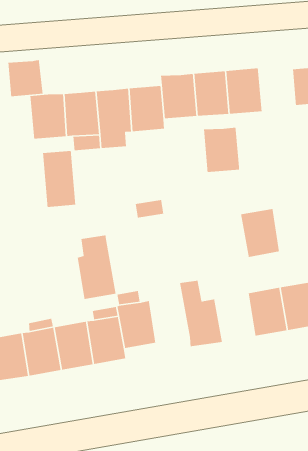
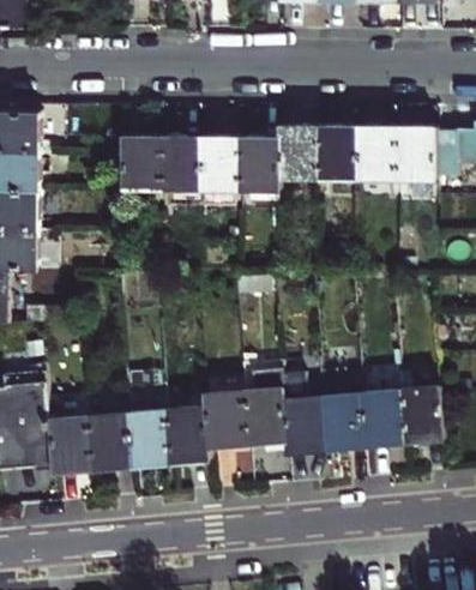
building: [7,59,44,97] -> none
building: [203,127,240,173] -> [396,127,435,180]
building: [42,150,76,208] -> none
building: [240,208,280,258] -> [320,393,363,450]
building: [77,234,117,300] -> [242,368,285,444]

